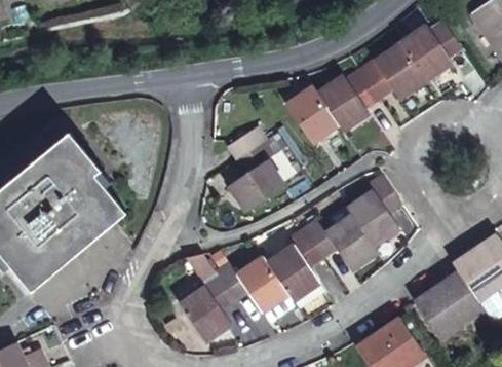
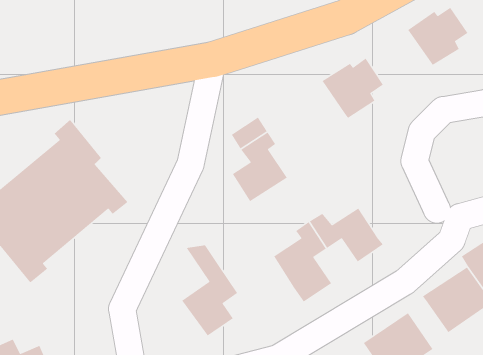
building: [358,44,423,98] -> none
building: [284,88,337,143] -> none
building: [347,176,399,247] -> none
building: [217,258,293,322] -> none

